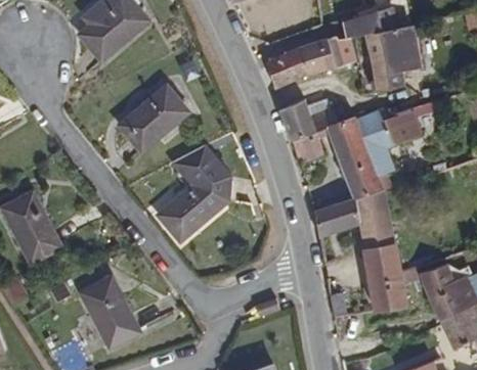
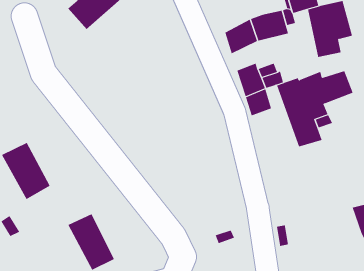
building: [120,86,187,149] -> none
building: [158,145,228,238] -> none
building: [313,191,404,309] -> none

